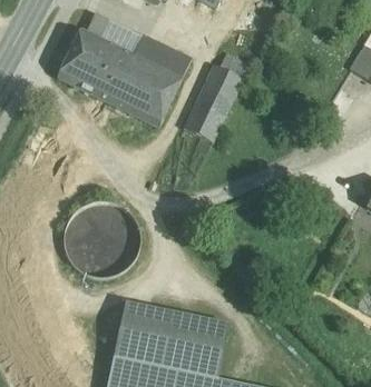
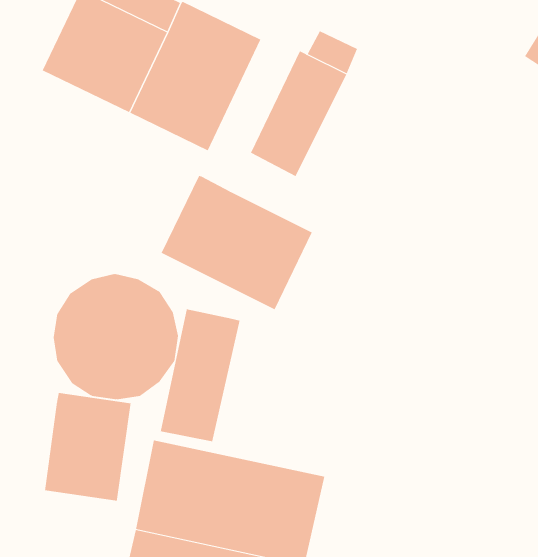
building: none -> [161,175,313,310]
building: none -> [160,309,240,442]
building: none -> [45,392,131,501]

